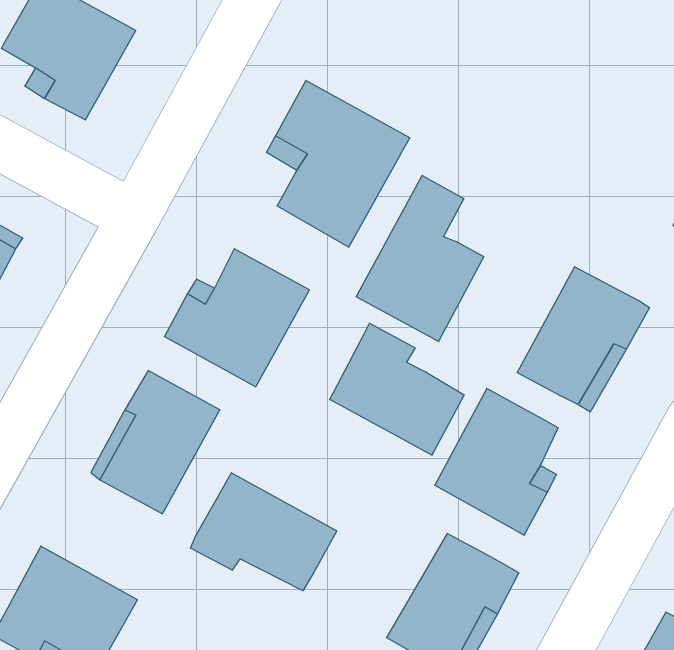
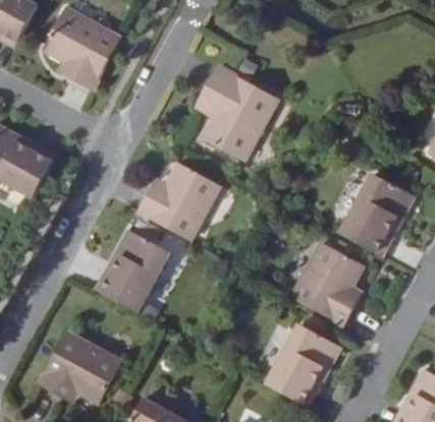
building: [356,175,484,342] -> none
building: [330,323,464,455] -> none
building: [190,473,337,591] -> none

